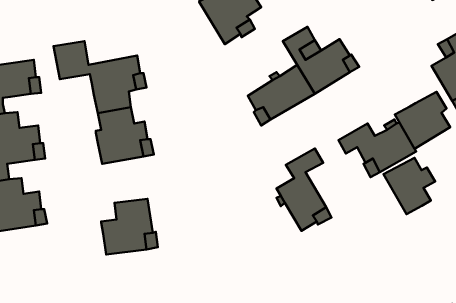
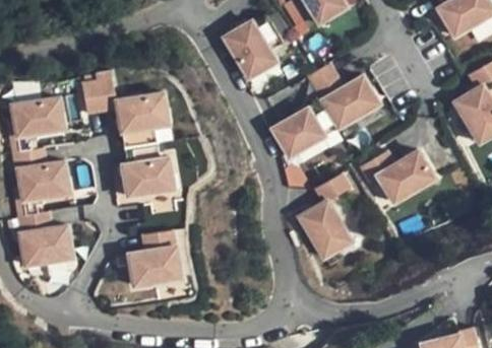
building: [395,92,450,149] -> none
building: [384,158,435,214] -> none

